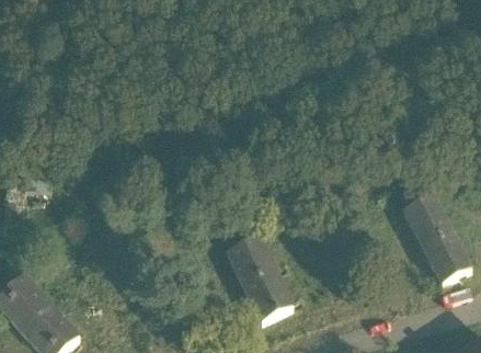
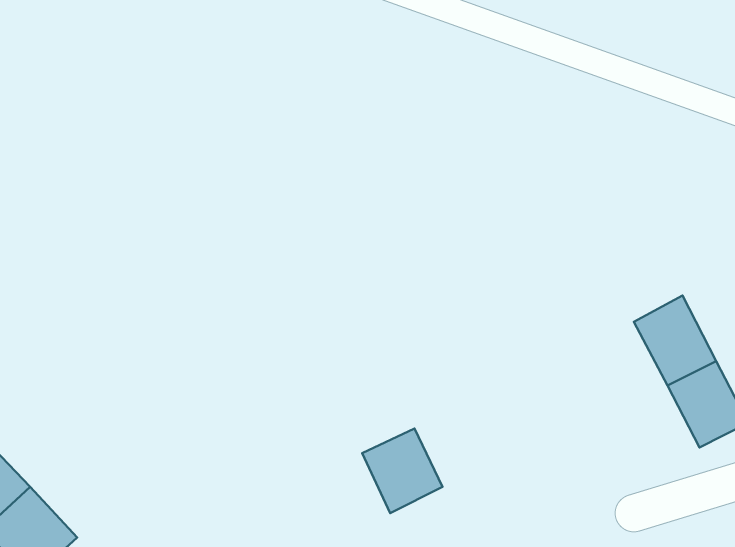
building: [228,237,276,286] -> none

